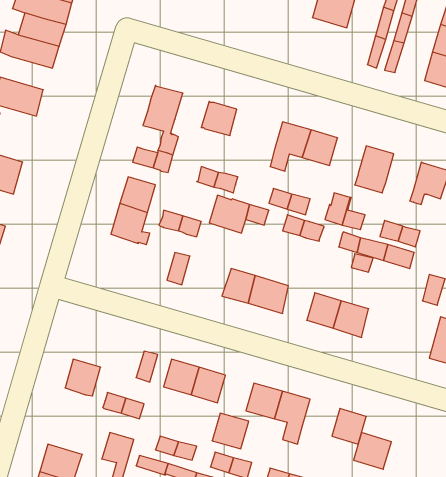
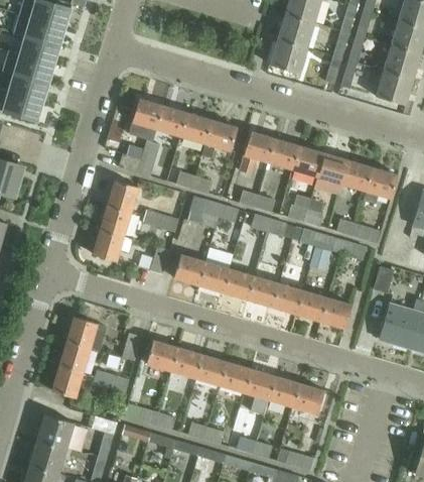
building: none -> [270,39,307,73]
building: none -> [7,74,48,103]
building: none -> [156,106,186,136]
building: none -> [202,120,237,157]
building: none -> [292,145,324,176]
building: none -> [341,159,373,192]
building: none -> [93,230,124,261]
building: none -> [174,253,205,284]
building: none -> [251,275,279,306]
building: none -> [320,295,351,328]
building: none -> [66,317,98,347]
building: none -> [51,365,84,397]
building: [212,413,249,449] -> [193,354,226,385]
building: [354,433,391,469] -> [268,375,301,407]

